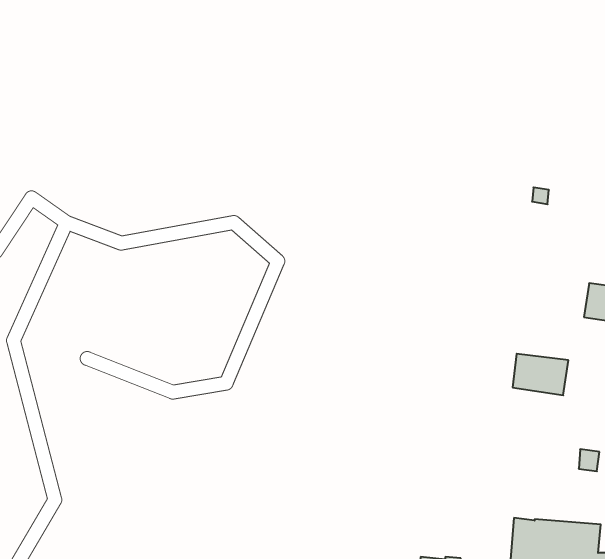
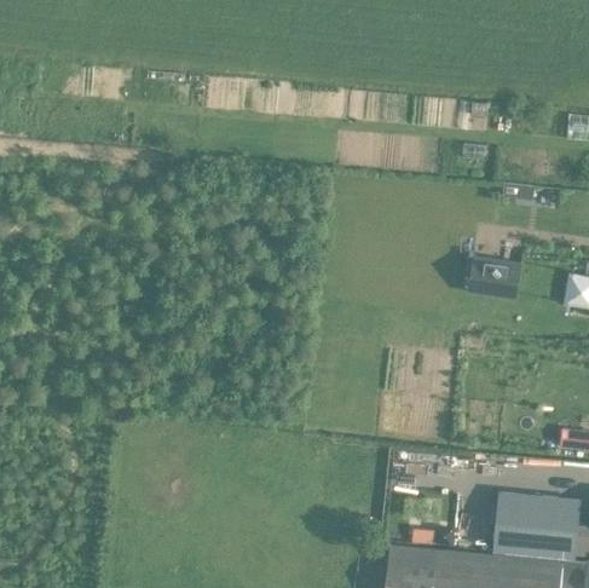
building: [513,354,568,395] -> [467,259,519,298]

